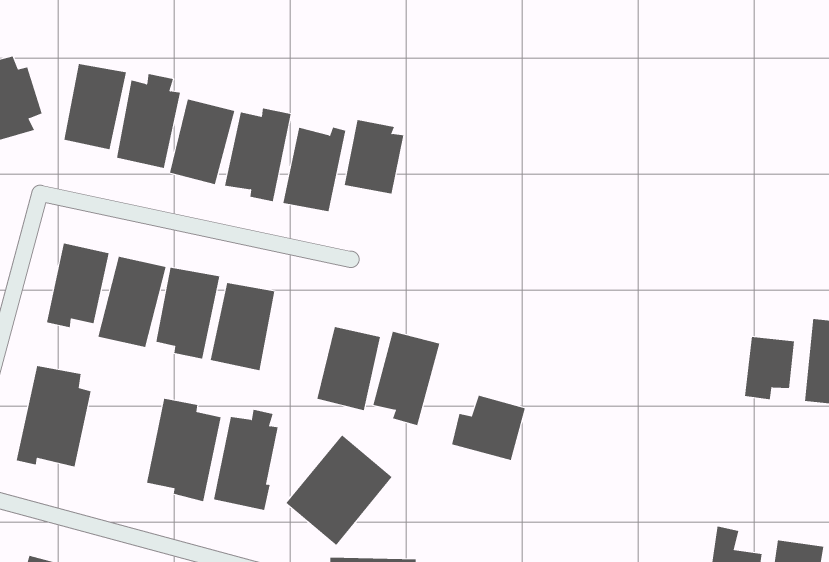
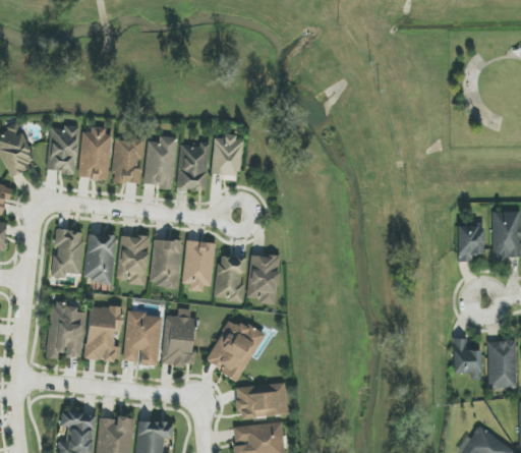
building: none -> [181,239,216,291]
building: none -> [84,305,123,361]
building: [451,395,526,461] -> none

